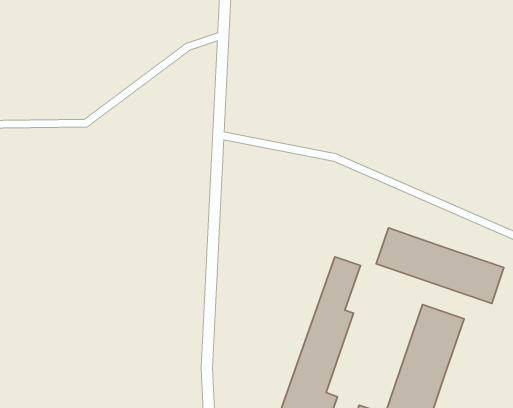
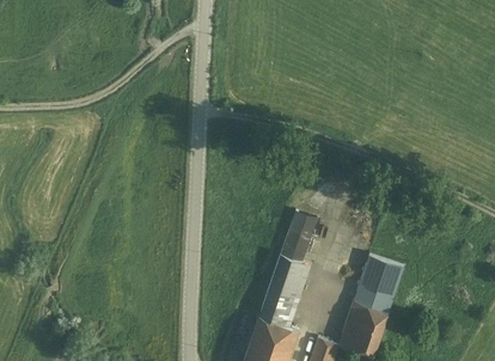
building: [376,228,504,303] -> none

